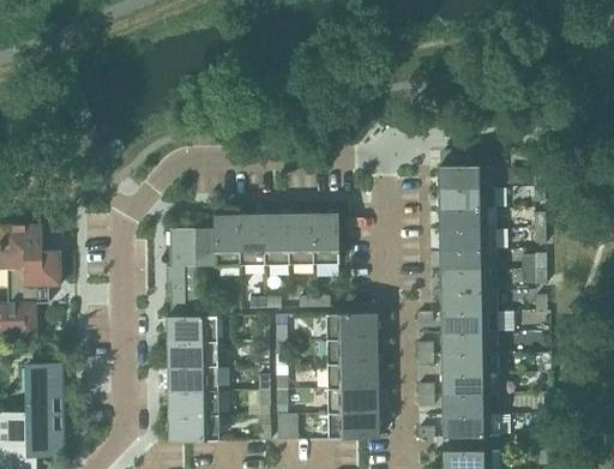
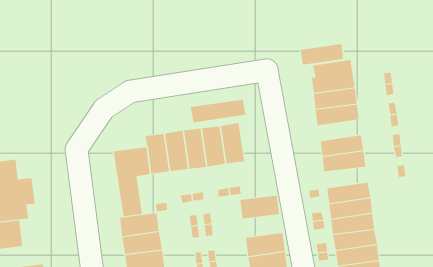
building: none -> [190,99,246,123]
building: [439,228,495,249] -> [299,44,344,65]
building: [440,290,496,312] -> none
building: [326,338,378,363] -> none

